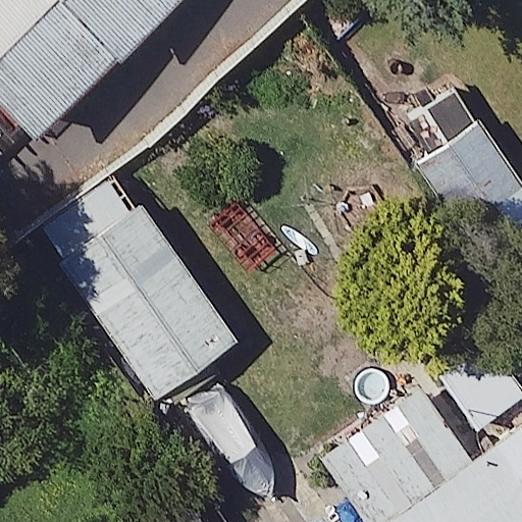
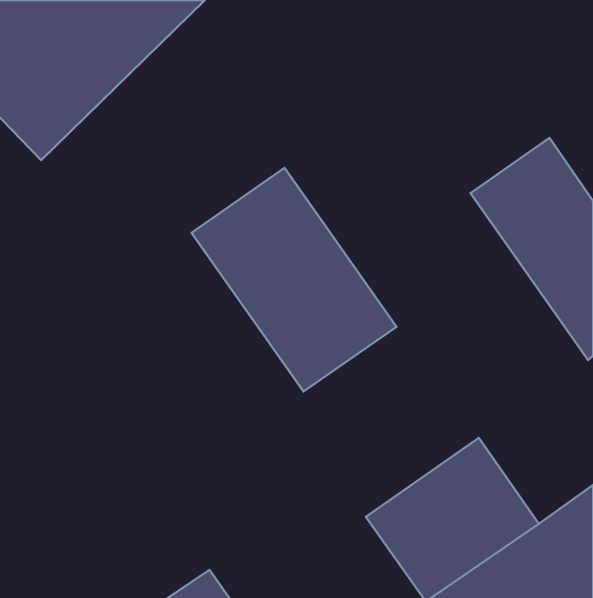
building: [59,203,237,397] -> [192,168,396,392]

